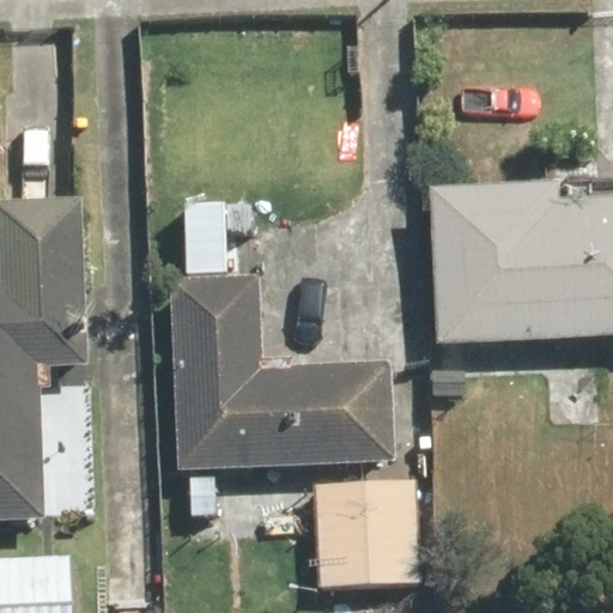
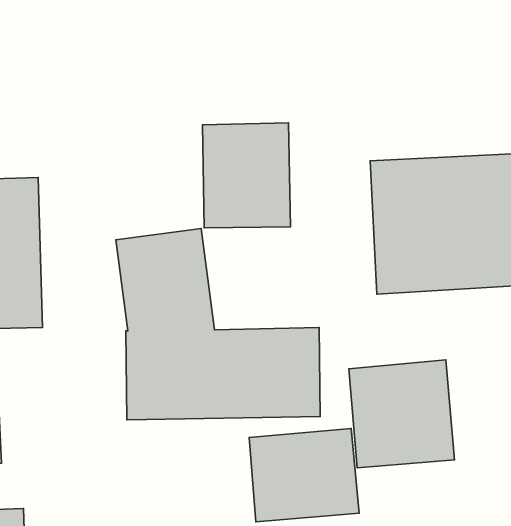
building: none -> [202,123,290,228]
building: none -> [349,360,454,468]

